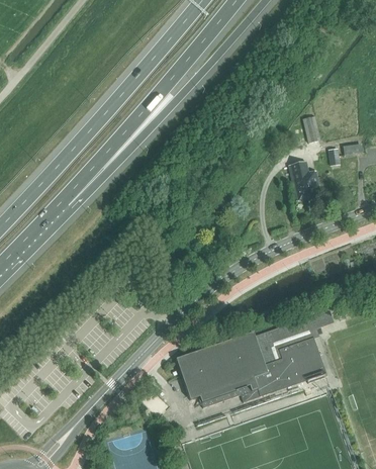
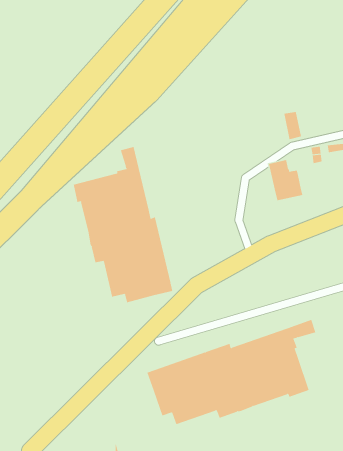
building: none -> [73,146,173,303]

